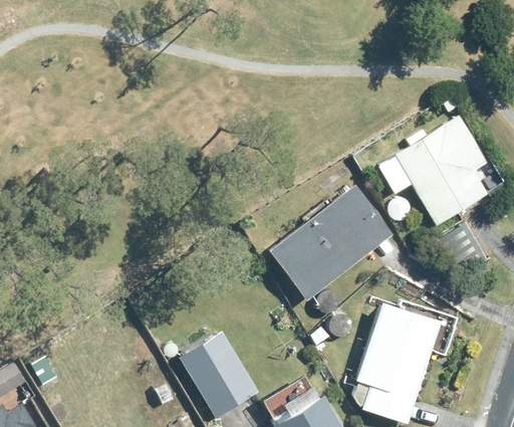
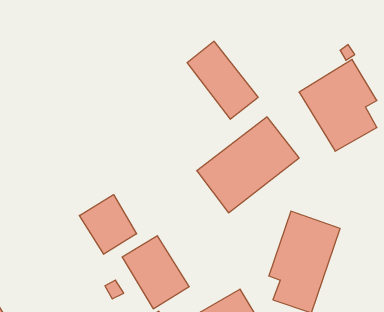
building: none -> [187,41,258,119]
building: none -> [79,195,137,254]

